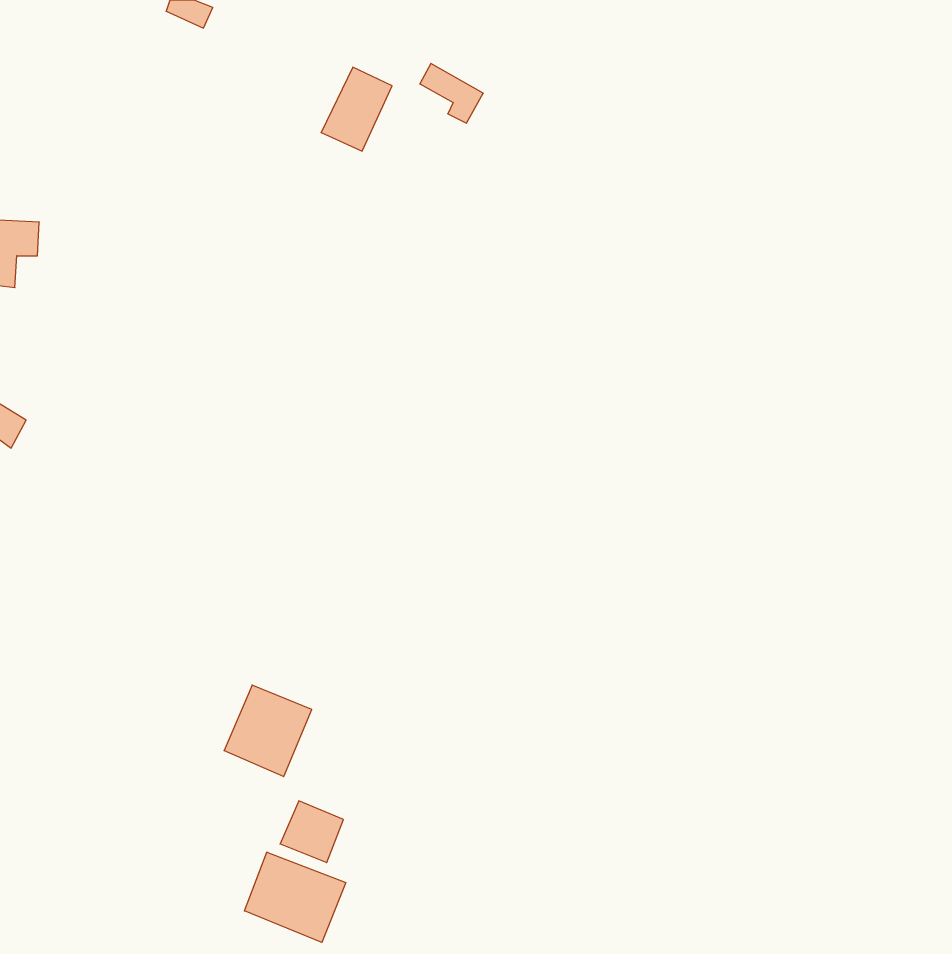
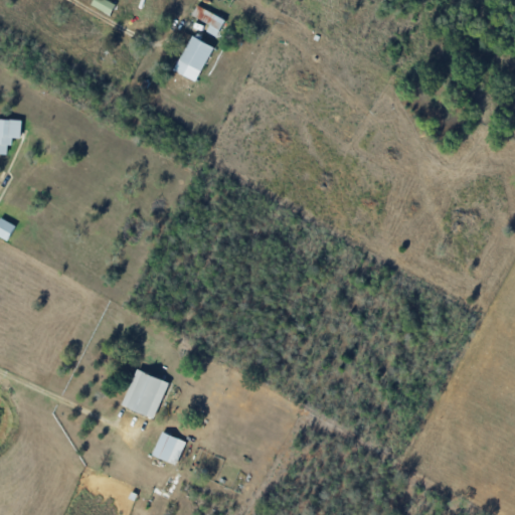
building: [420,63,483,123] -> [190,4,224,36]
building: [244,852,346,942] -> none

